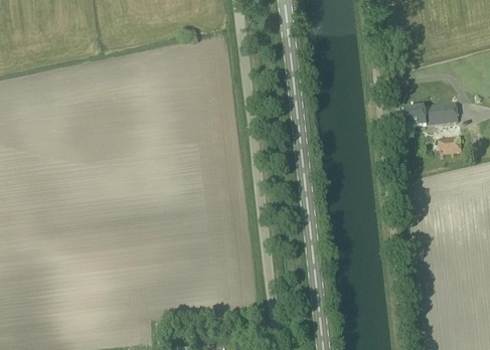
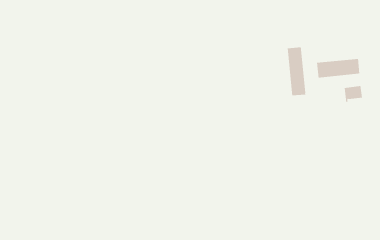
building: none -> [287,47,306,96]

